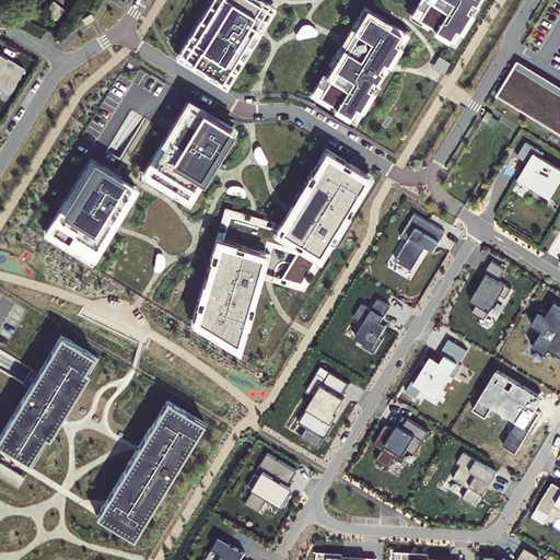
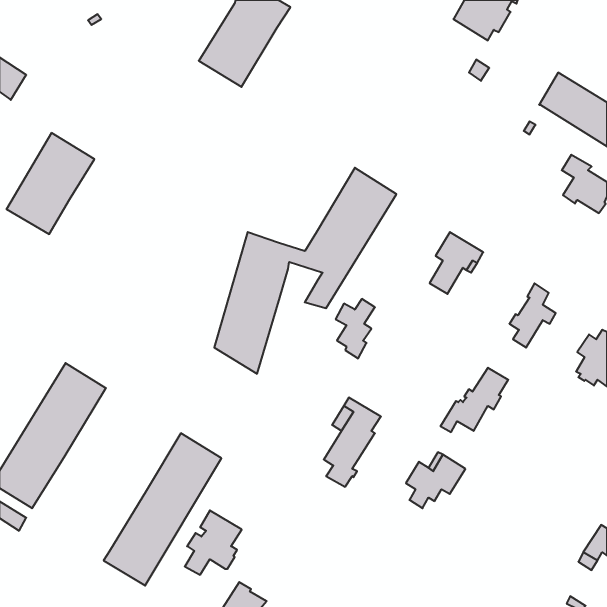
building: [317,14,400,116] -> none
building: [148,105,229,198] -> none
building: [50,163,131,256] -> [6,133,94,234]
building: [353,300,389,354] -> [336,299,375,358]
building: [472,371,540,453] -> none
building: [452,452,497,508] -> none
building: [244,454,296,513] -> [185,510,242,575]

